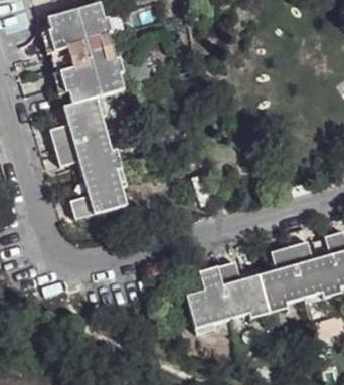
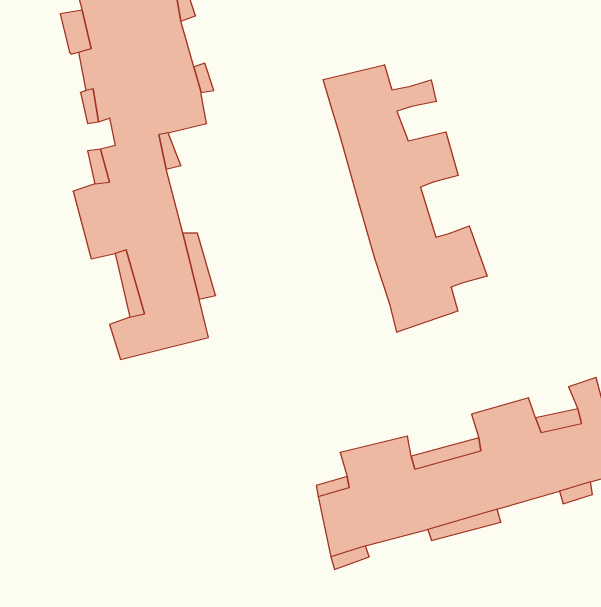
building: none -> [323,65,487,332]

